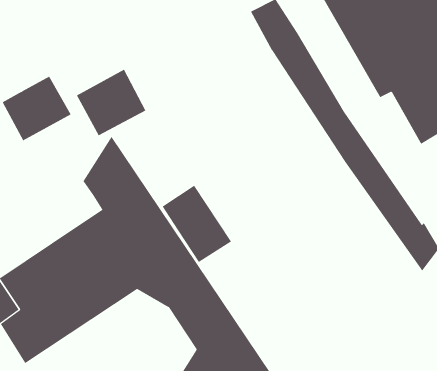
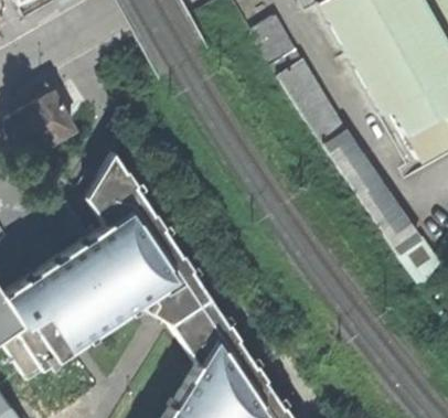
building: [76,69,146,136] -> none
building: [162,185,232,263] -> none

